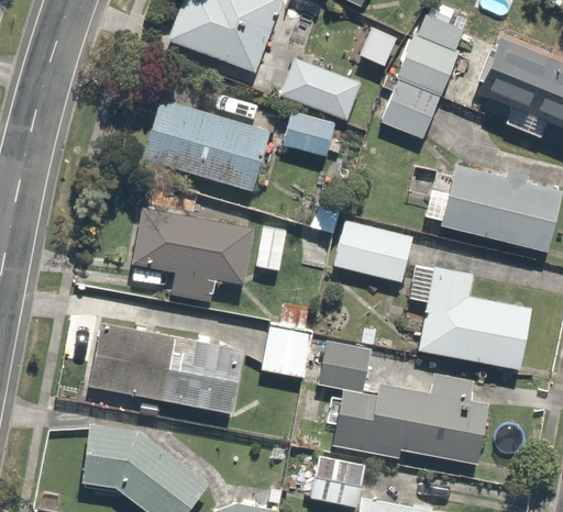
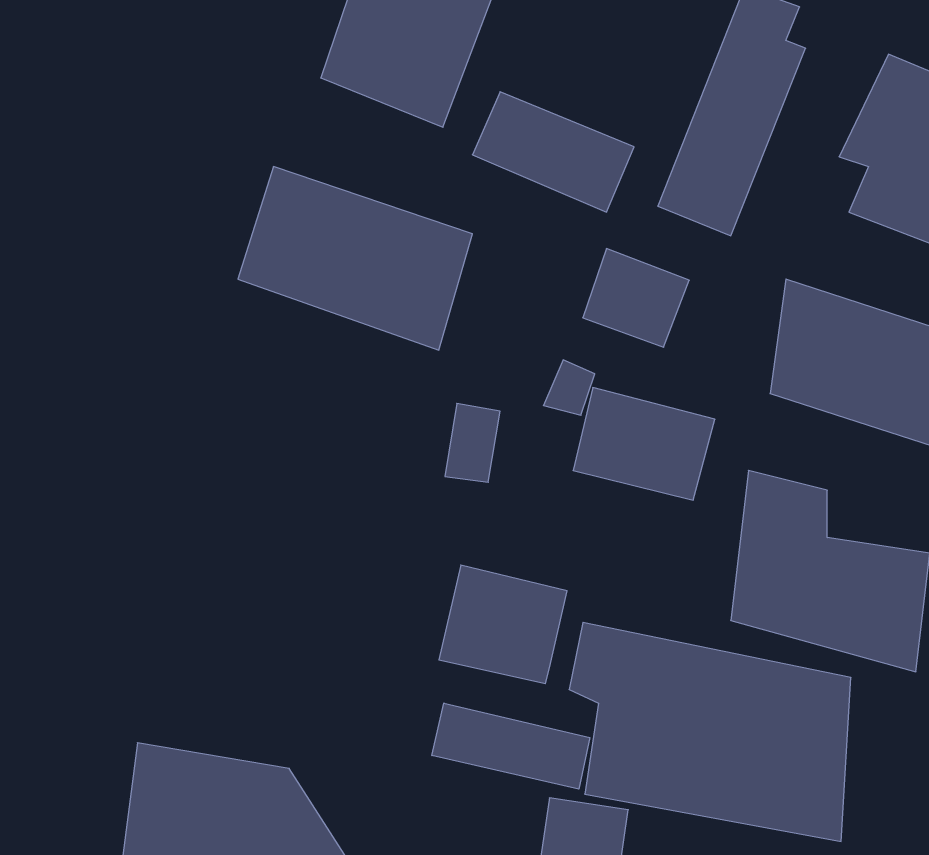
building: [275,105,334,160] -> [583,249,689,347]
building: [134,210,256,304] -> none
building: [92,323,245,416] -> none
building: none -> [432,703,590,789]

